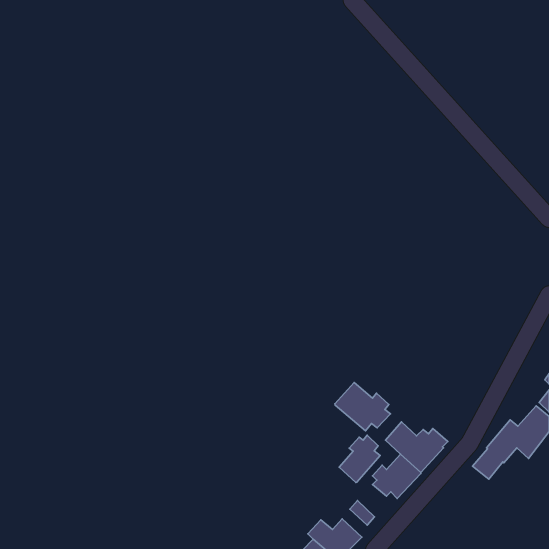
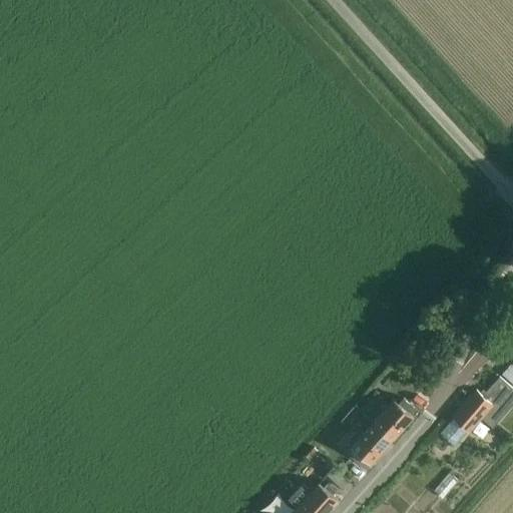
building: [335,382,390,431] -> none
building: [339,435,380,483] -> none

